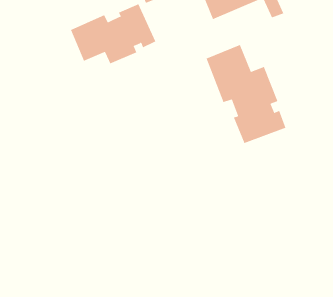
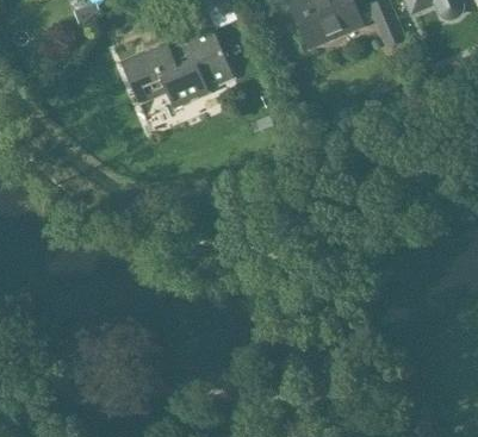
building: [206,44,286,144] -> none

